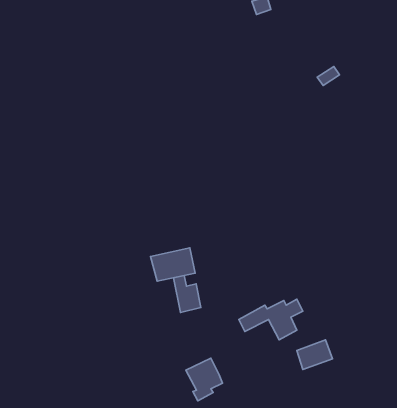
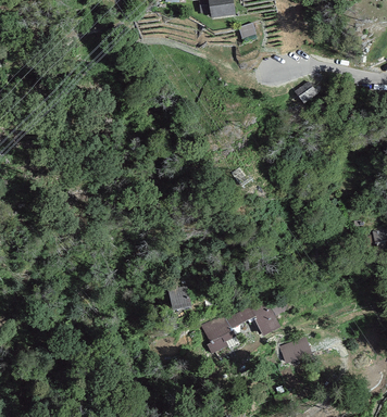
building: [151,248,195,281] -> none
building: [186,358,223,401] -> [201,314,235,353]

